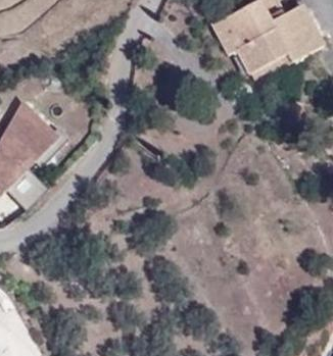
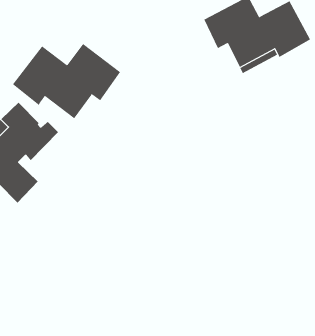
building: none -> [12,43,121,119]

